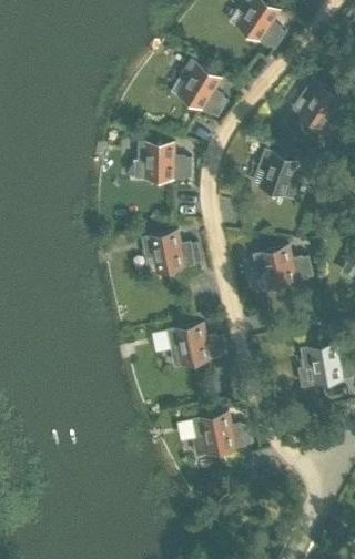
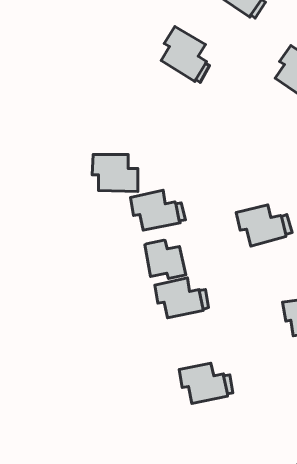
building: [138,143,185,182] -> [92,155,138,192]
building: [256,150,303,202] -> none
building: none -> [145,240,186,279]

